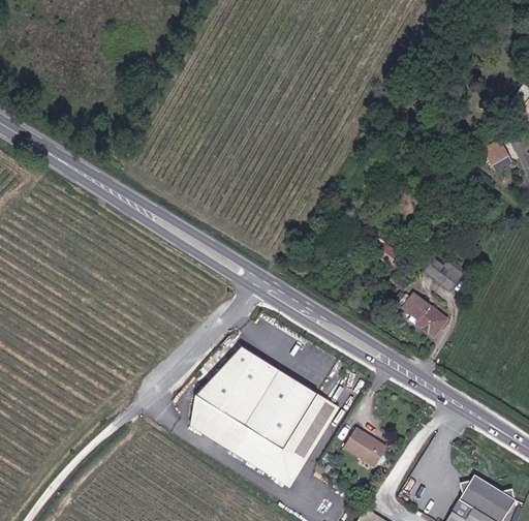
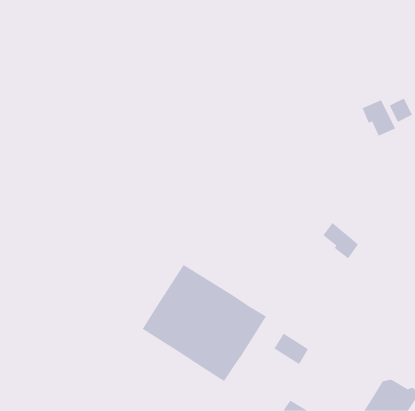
building: none -> [362,100,396,136]
building: [427,257,466,289] -> none

